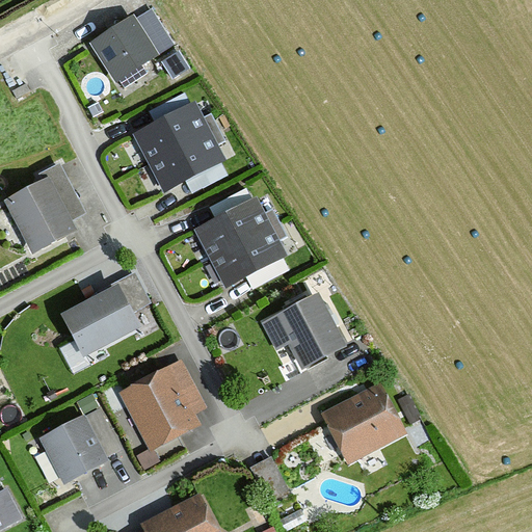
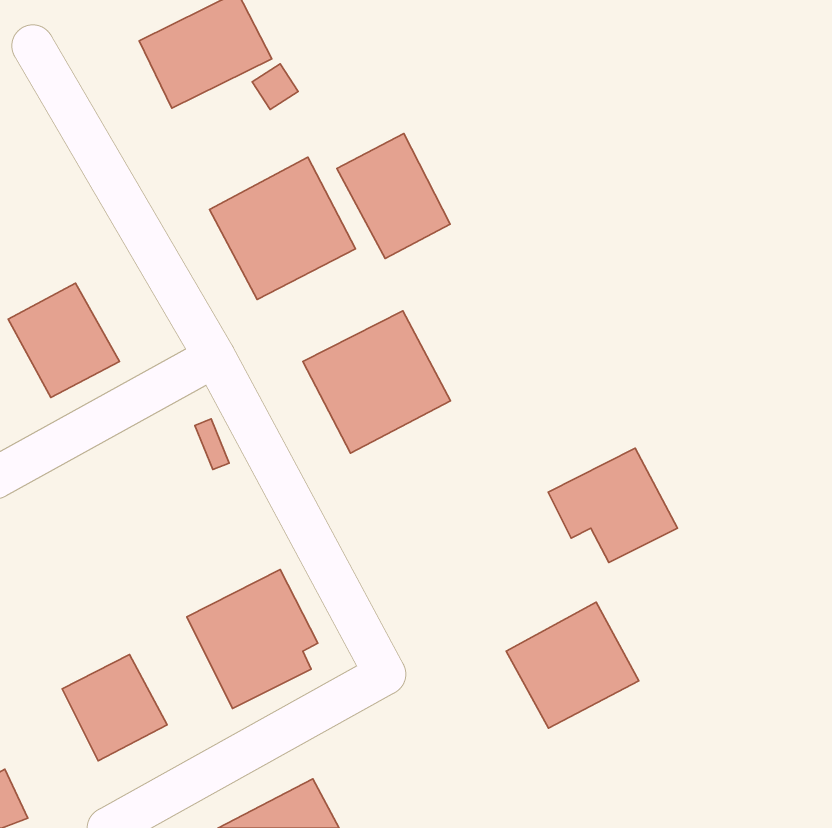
building: none -> [337,134,450,259]
building: [63,287,141,356] -> none
building: [262,294,344,367] -> [548,448,678,563]

